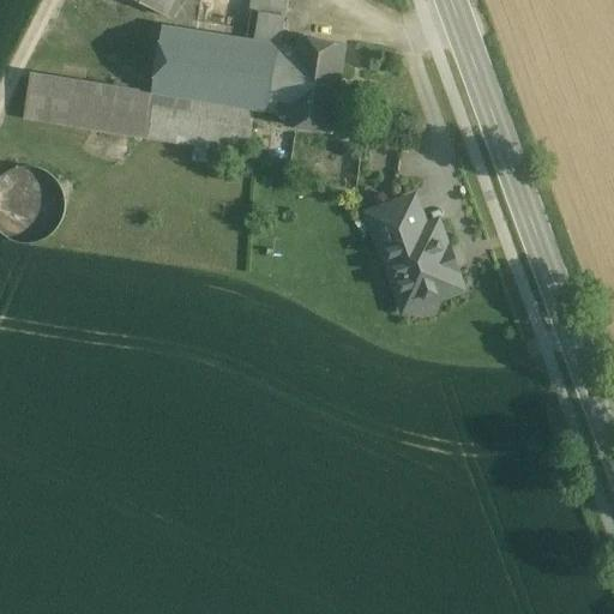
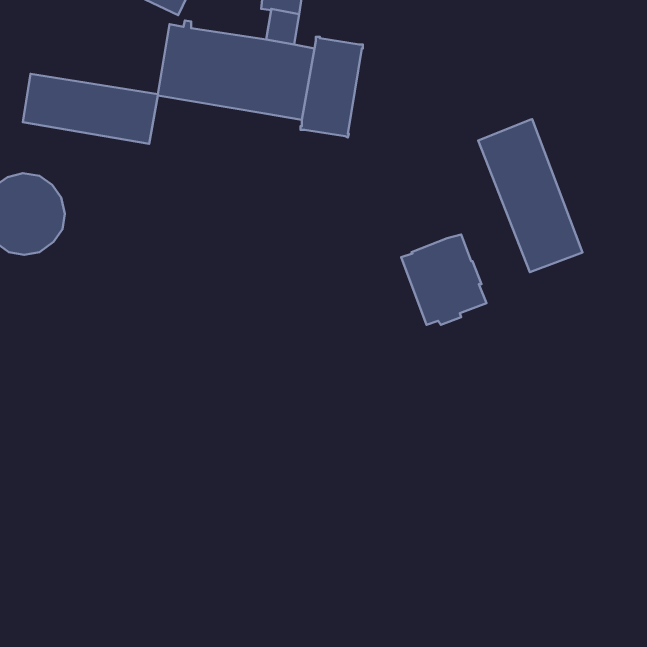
building: [140,90,249,152] -> none
building: none -> [478,119,582,272]
building: [367,195,421,242] -> none

